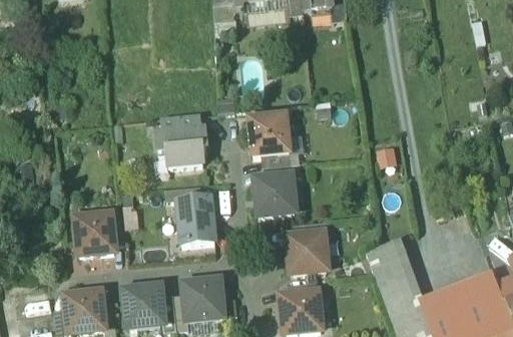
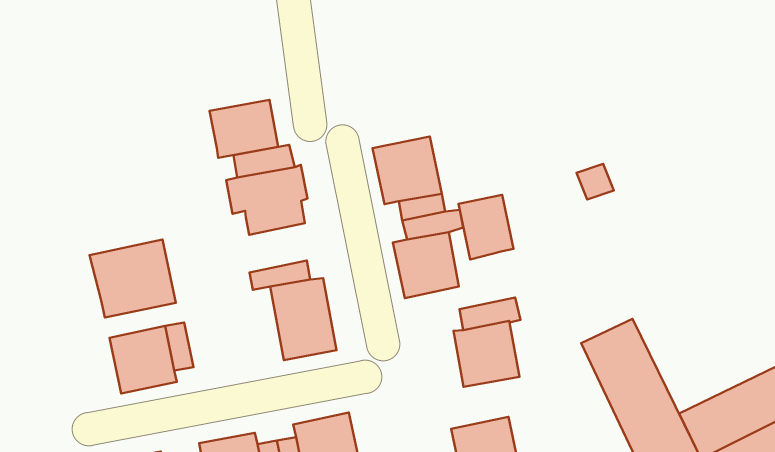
building: none -> [210,100,278,158]
building: none -> [458,195,513,260]
building: none -> [89,240,176,318]

